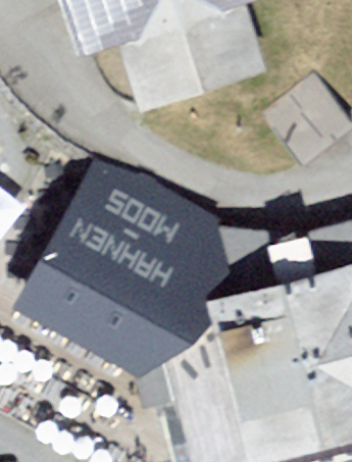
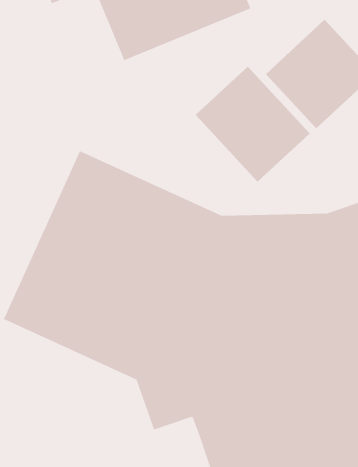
building: none -> [195,66,310,183]

